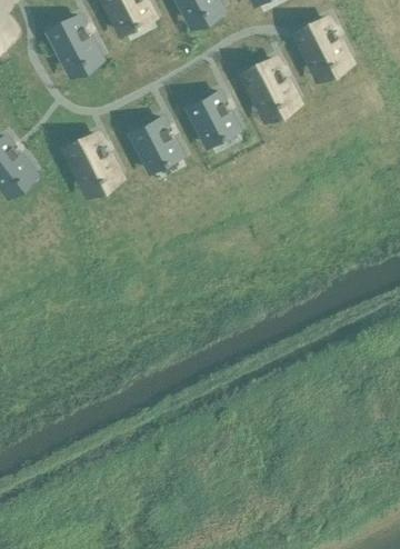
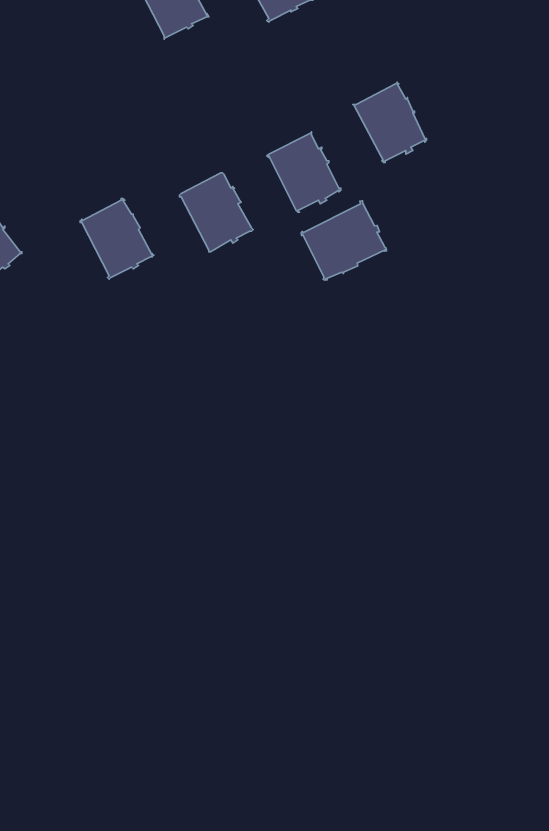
building: [50,16,97,68] -> none
building: [298,19,346,71] -> none
building: none -> [301,201,387,280]

